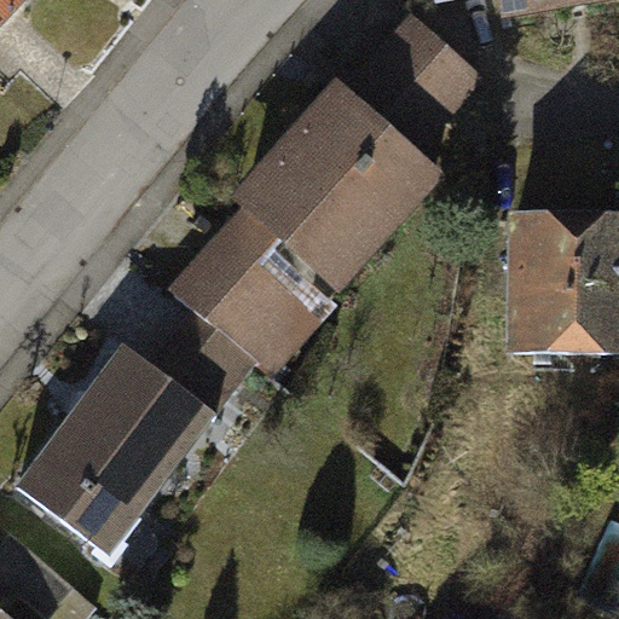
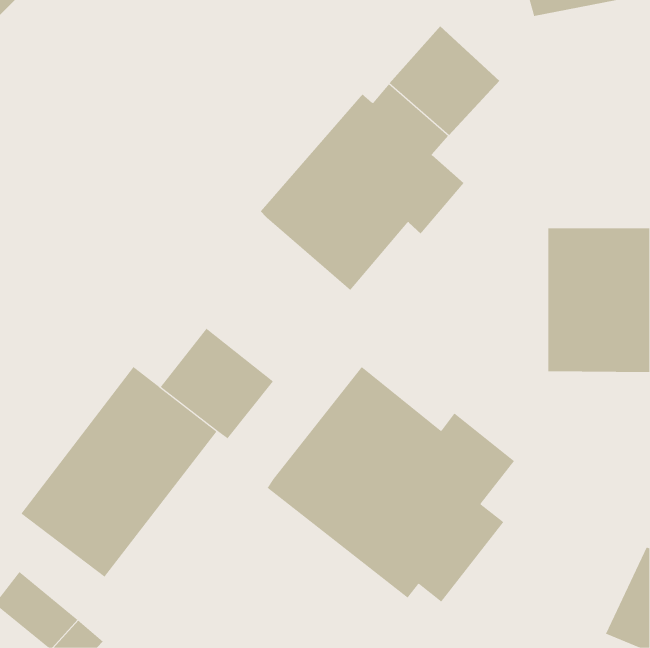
building: [178,206,340,368] -> none
building: none -> [267,366,515,603]

